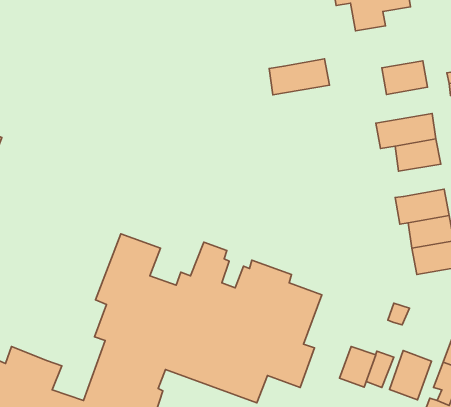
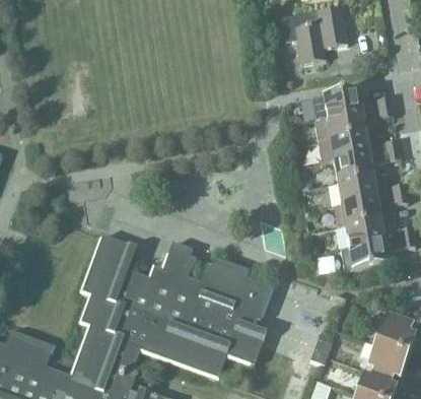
building: [269,59,329,95] -> [314,110,365,140]
building: none -> [337,175,375,202]
building: [340,347,376,387] -> none
building: [389,351,431,400] -> none

